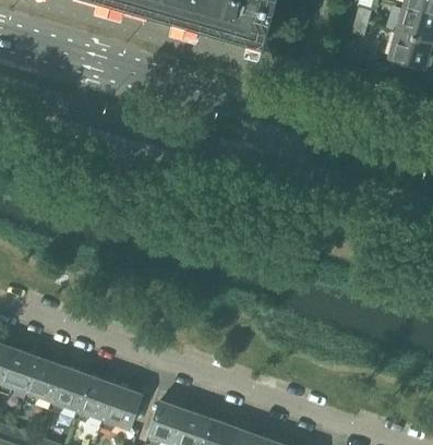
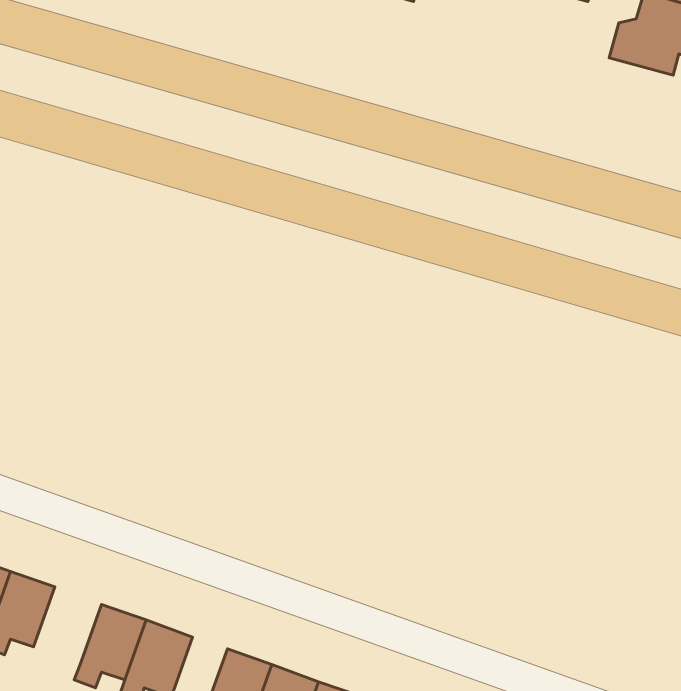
building: [48,366,89,414] -> none

